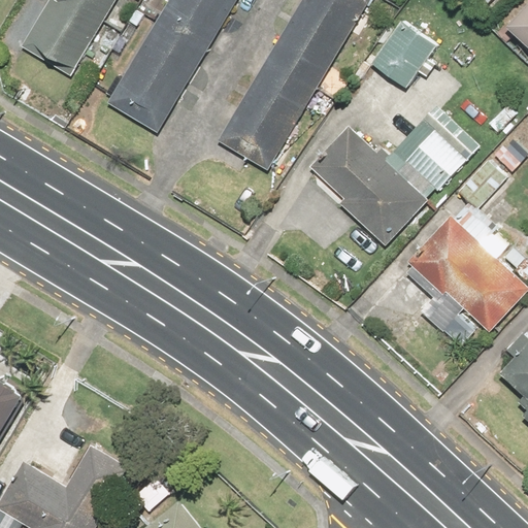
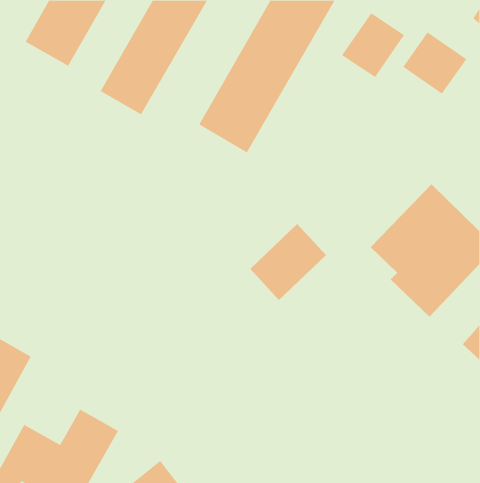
building: none -> [402,32,467,94]
building: [312,101,486,249] -> none
building: none -> [250,223,327,301]

